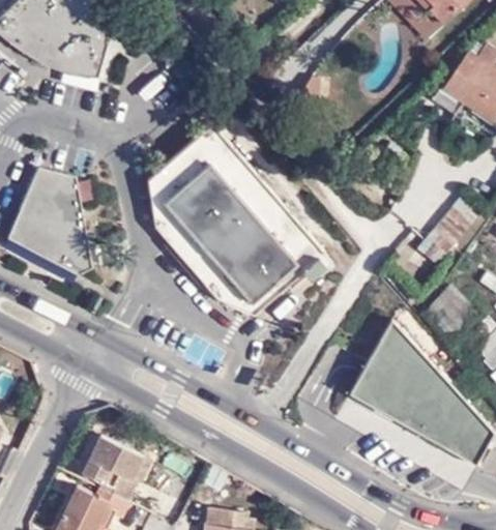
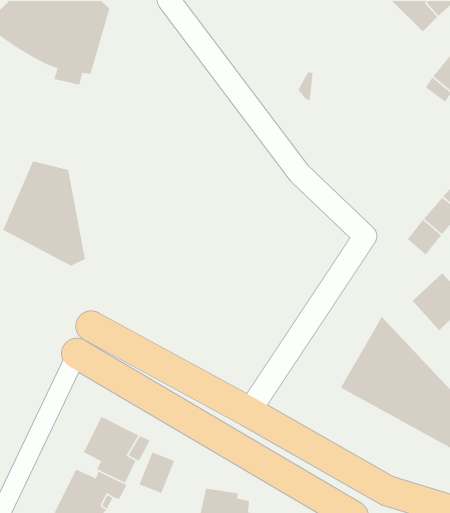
building: [146,130,333,319] -> none

